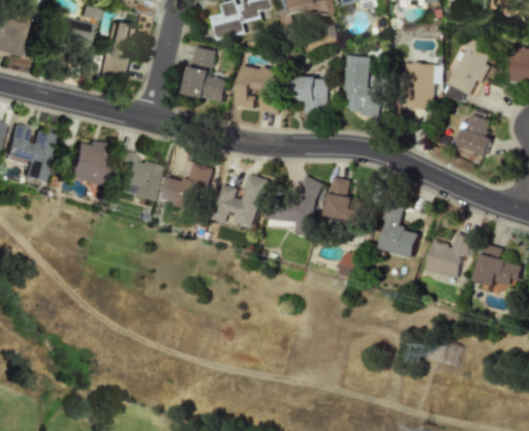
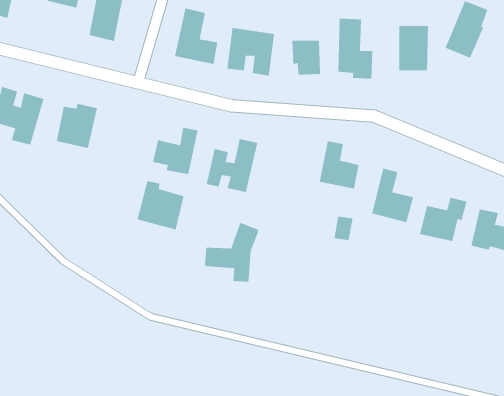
building: [454,113,494,156] -> none
building: [112,151,159,201] -> [136,180,185,230]
building: [269,176,322,236] -> [204,222,259,282]

